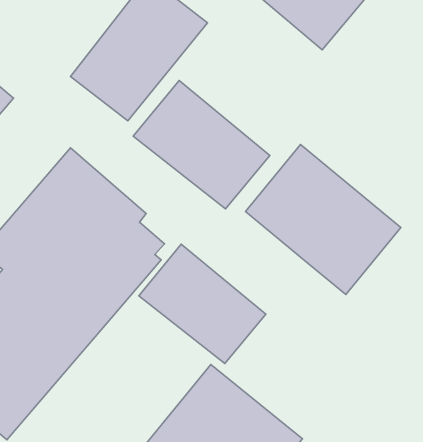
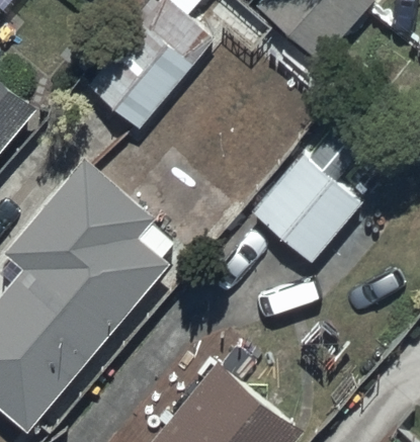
building: [133,80,270,209] -> none
building: [139,244,266,363] -> none

